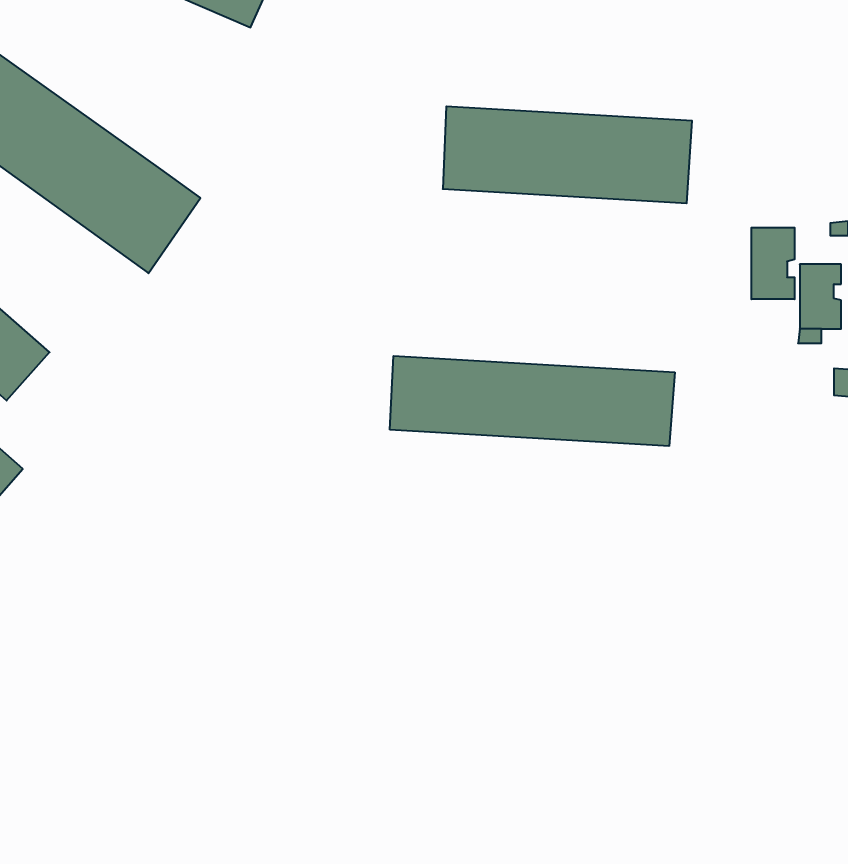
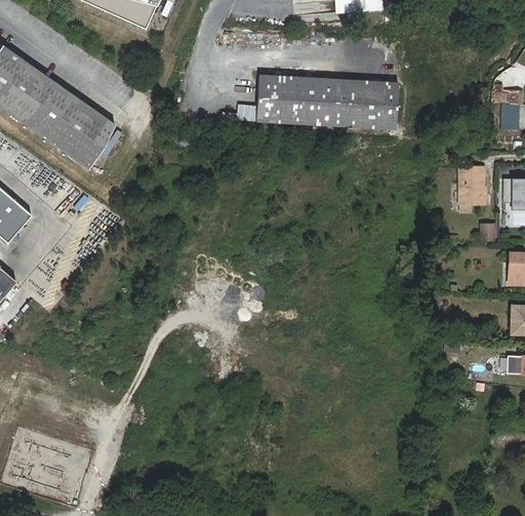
building: [751,228,795,299] -> none
building: [390,356,675,446] -> none

